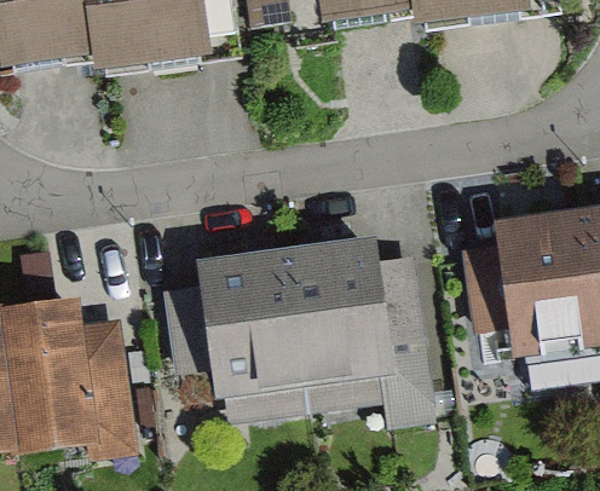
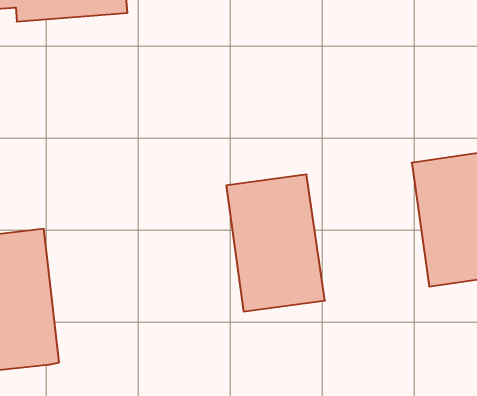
building: [202,248,311,400] -> none
building: [91,313,143,455] -> none

